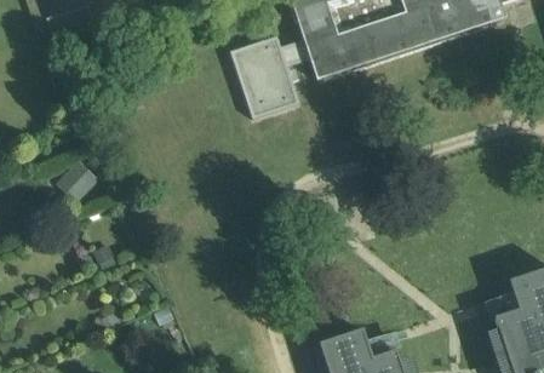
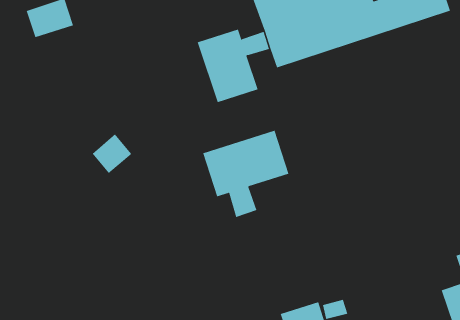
building: none -> [202,130,289,218]
building: [55,156,98,200] -> [92,134,132,174]

